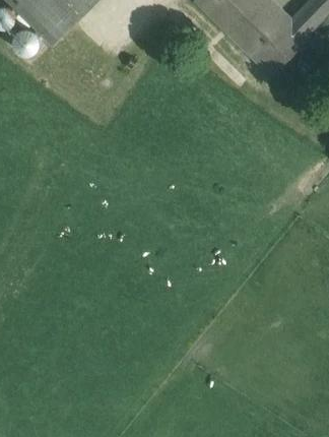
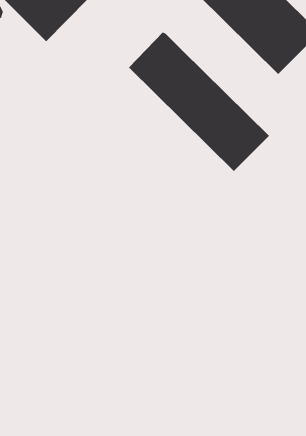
building: none -> [128,31,270,172]

